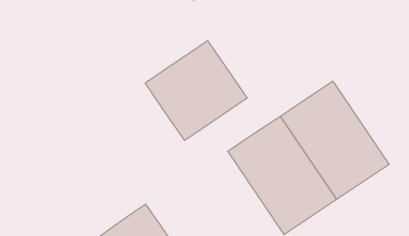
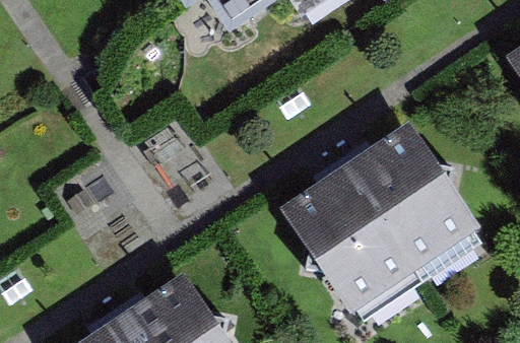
building: [145,41,247,140] -> none

